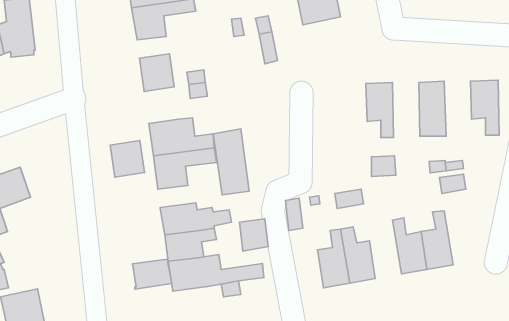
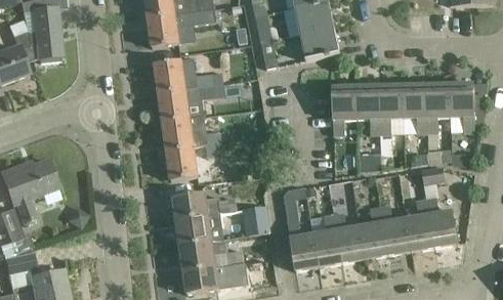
building: none -> [299,27,339,60]
building: none -> [425,84,450,133]
building: none -> [379,85,404,134]
building: none -> [332,86,357,135]
building: [213,129,249,195] -> none
building: [110,140,145,177] -> [158,89,188,122]
building: none -> [359,177,387,260]
building: none -> [425,198,457,248]
building: none -> [286,222,318,272]
building: [133,259,172,289] -> [183,267,218,294]

